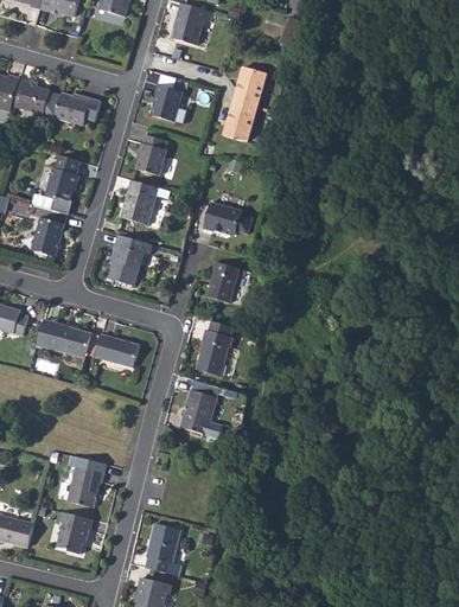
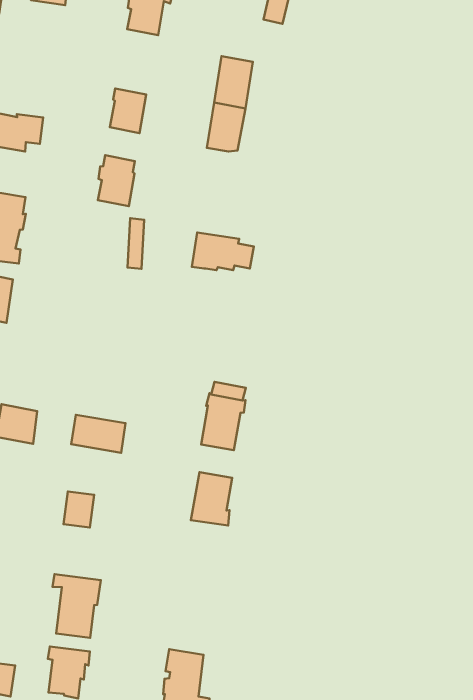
building: [119,179,157,223] -> none
building: [108,236,151,285] -> none
building: [209,261,241,302] -> none
building: [65,327,91,357] -> [64,492,94,527]

